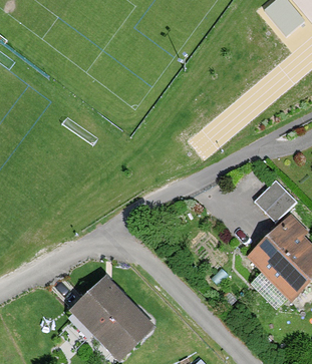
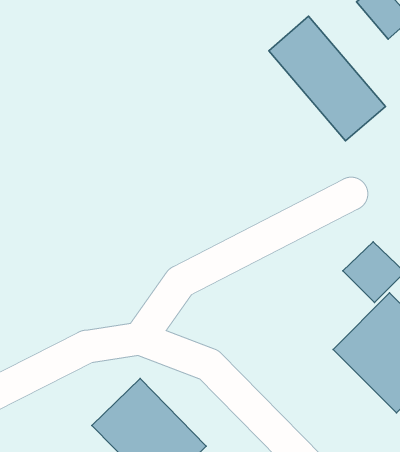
building: none -> [269,16,385,141]

